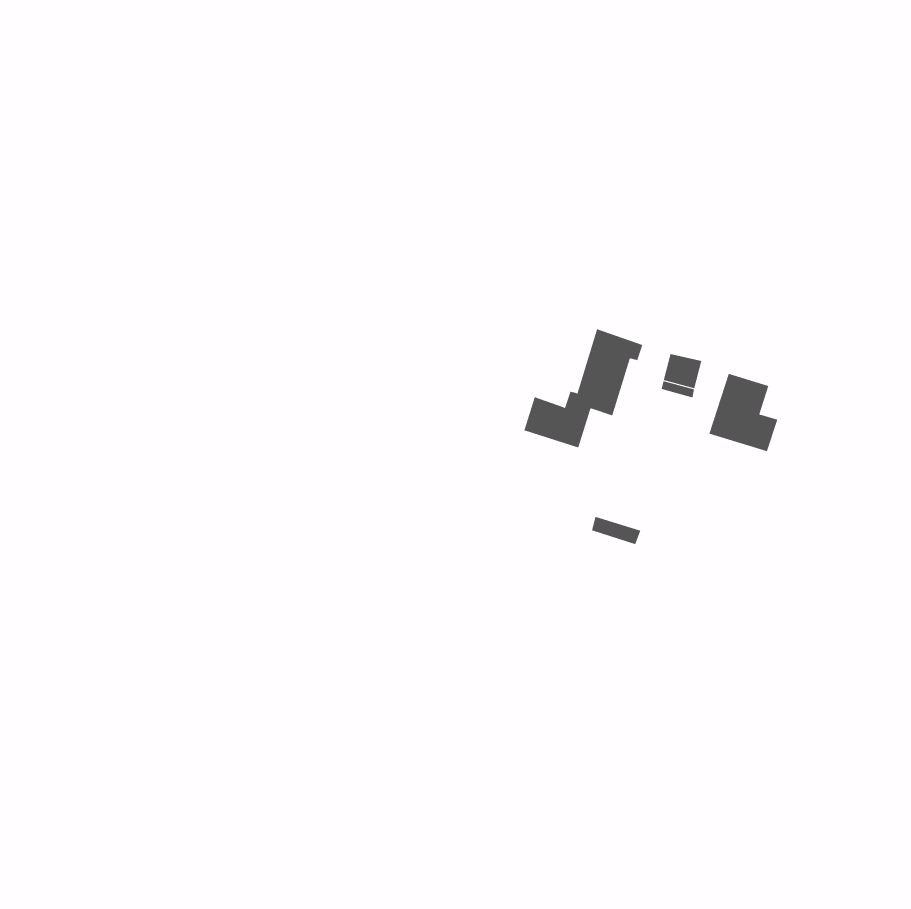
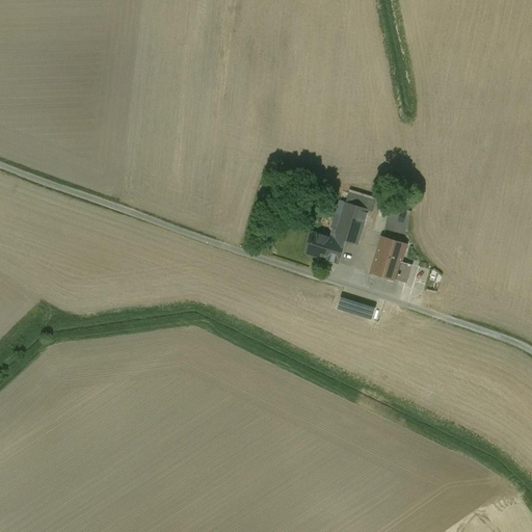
building: [708,373,778,452] -> [370,236,410,282]

